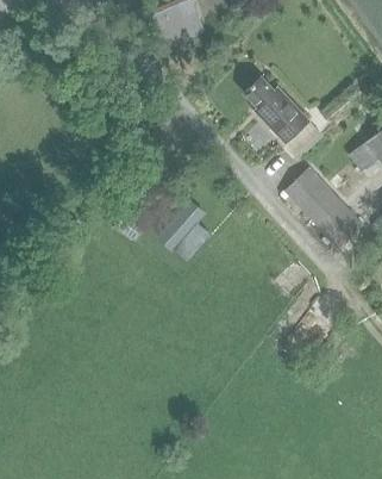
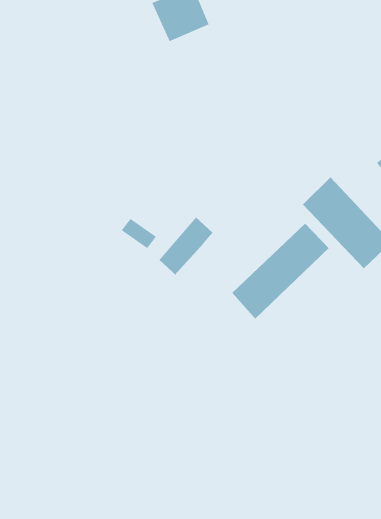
building: [244,77,312,145] -> none
building: none -> [231,223,329,320]

